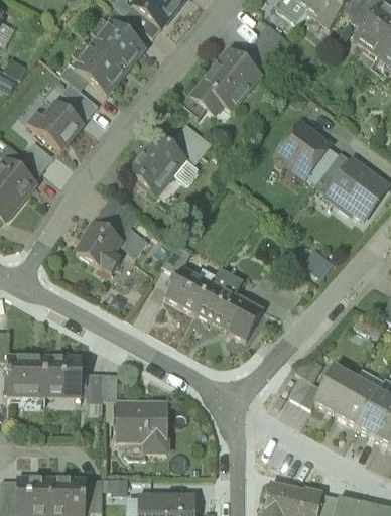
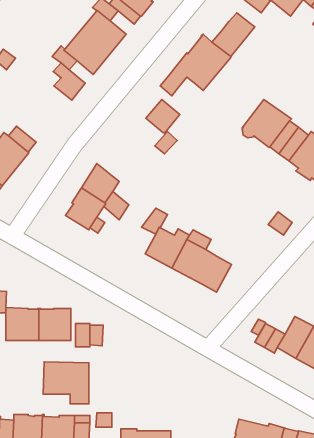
building: [27,102,83,149] -> none
building: [129,136,185,195] -> none
building: [116,404,167,452] -> [43,362,89,404]

